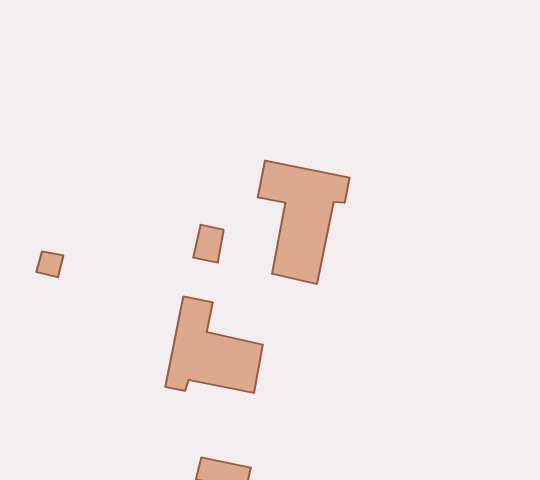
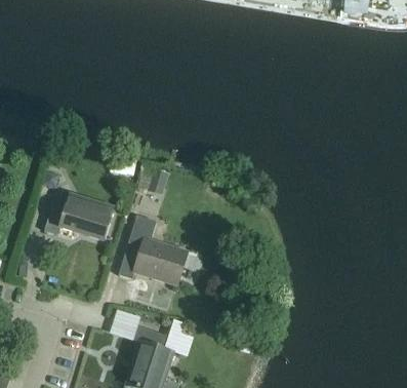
building: [258,160,350,284] -> none
building: none -> [45,192,114,238]

